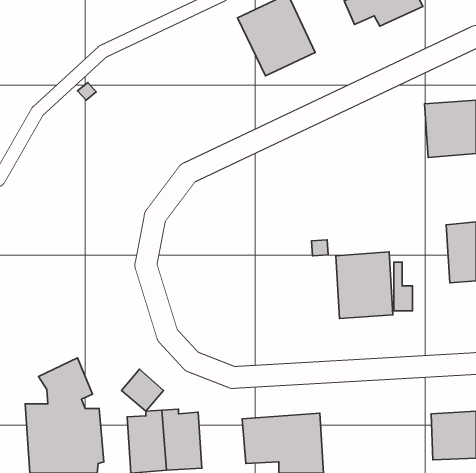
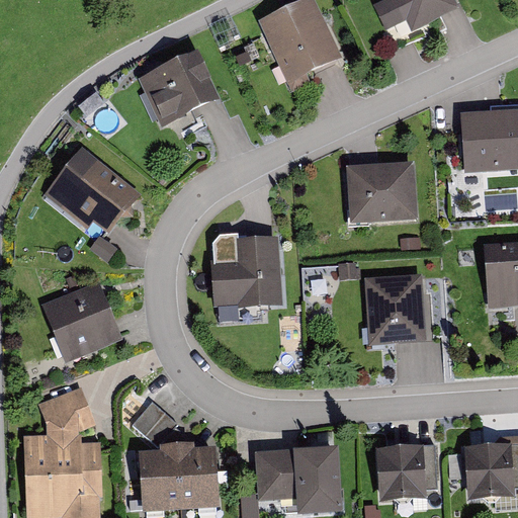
building: none -> [138,50,219,124]
building: none -> [42,145,141,233]
building: none -> [345,160,417,223]
building: none -> [209,237,280,306]
building: none -> [40,278,120,360]
building: none -> [379,445,433,506]

